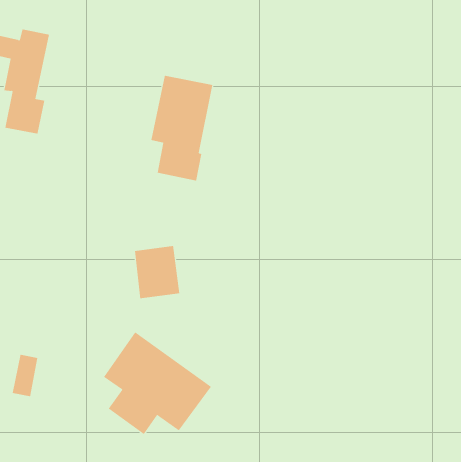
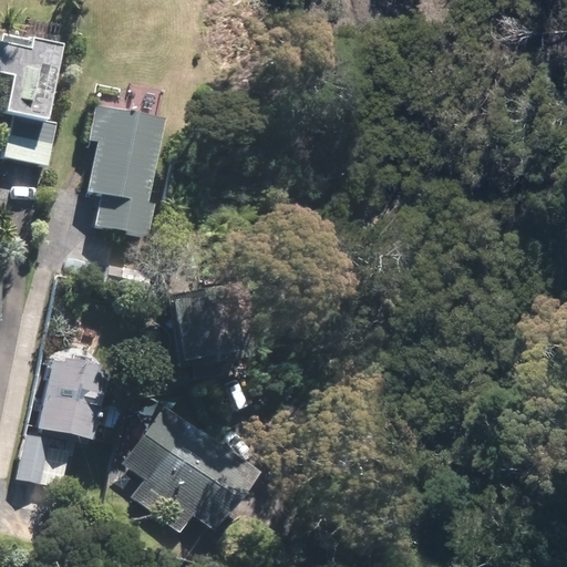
building: [151,75,213,181] -> [89,105,165,235]
building: none -> [38,355,106,439]

